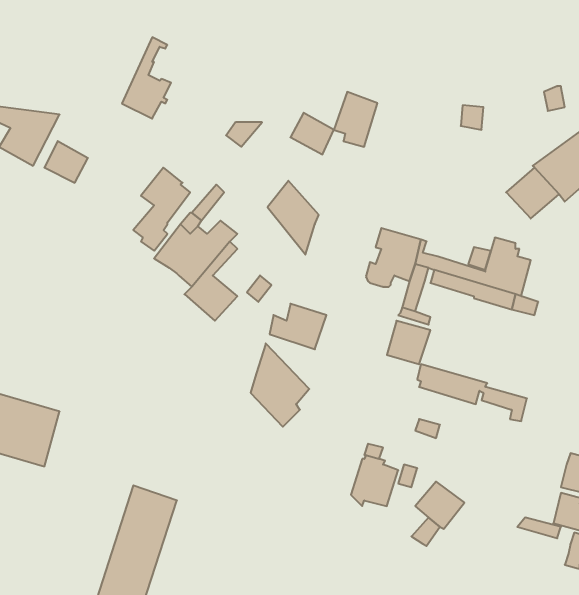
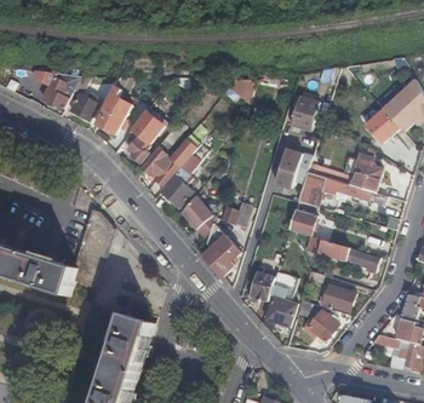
building: [122,37,171,119] -> [94,80,126,132]
building: [334,92,377,147] -> [291,94,319,129]
building: [268,181,319,255] -> [181,194,213,241]
building: none -> [247,270,274,300]
building: none -> [321,283,354,311]

